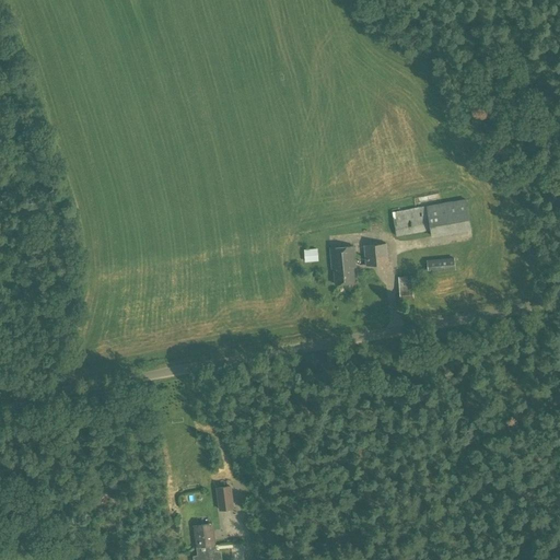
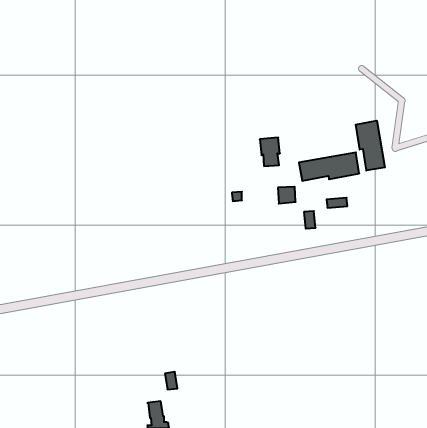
building: none -> [356,121,385,171]
building: [329,246,355,283] -> [260,138,280,166]

